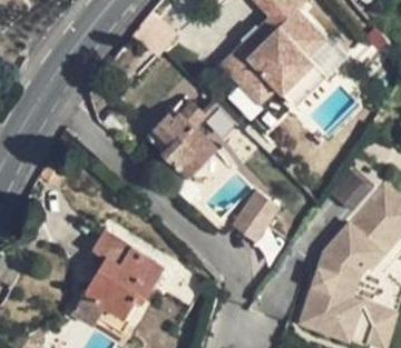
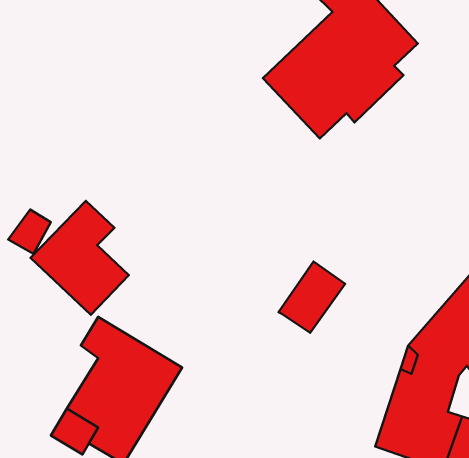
building: [146,98,215,178] -> [31,201,129,315]

